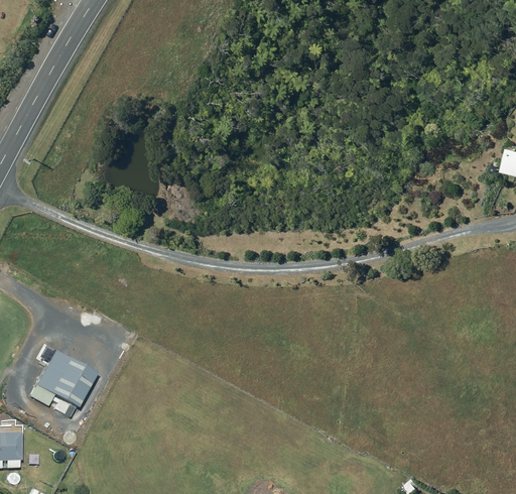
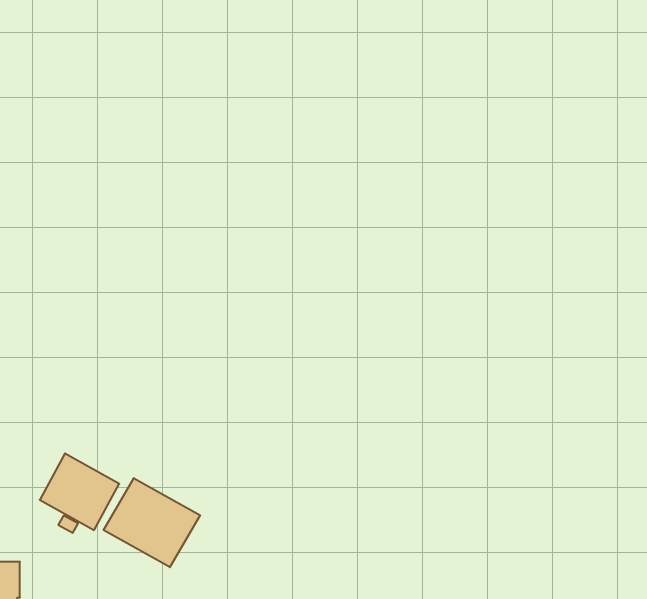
building: none -> [104,478,200,567]

